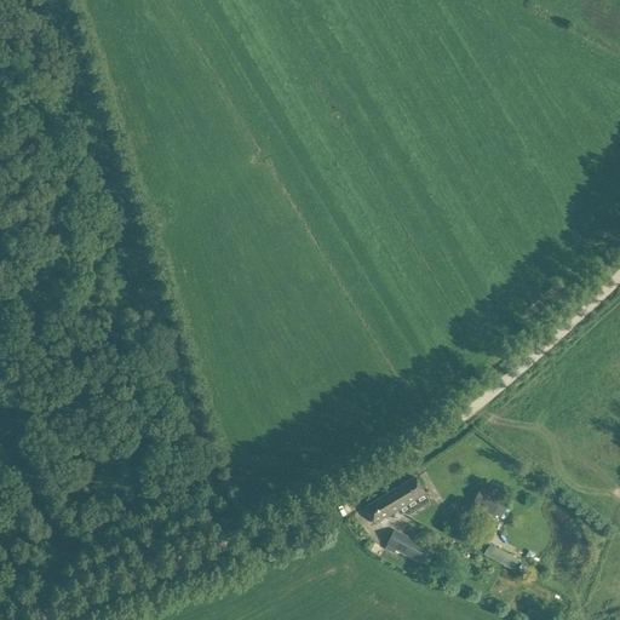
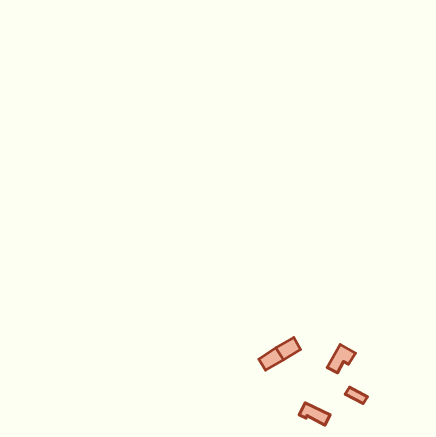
building: [388,532,431,563] -> [299,403,330,425]

